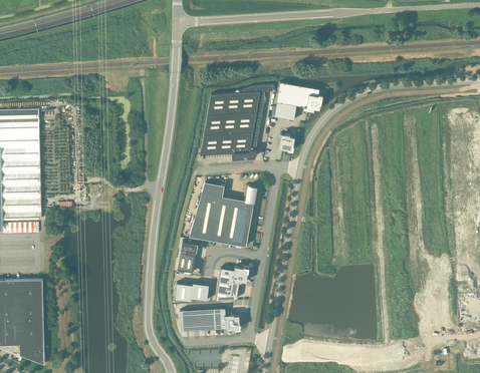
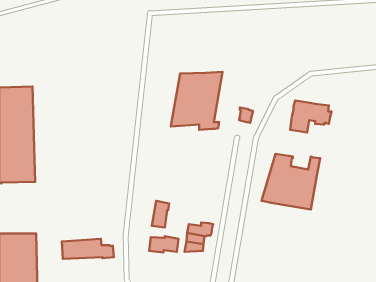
building: [273,83,321,120] -> [290,100,332,132]
building: [188,182,256,247] -> [262,154,320,209]
building: [179,308,239,331] -> [62,239,114,259]

